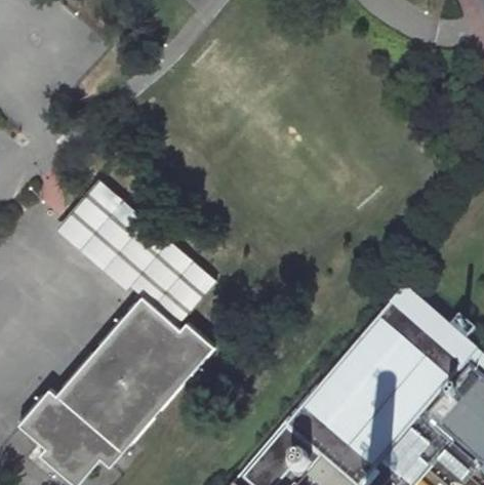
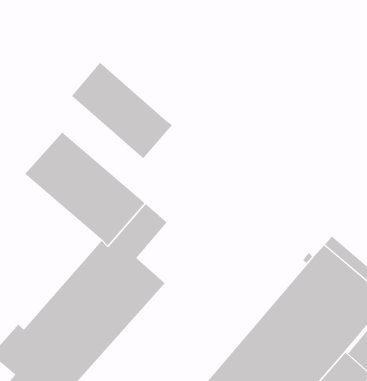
building: none -> [71,62,173,159]

